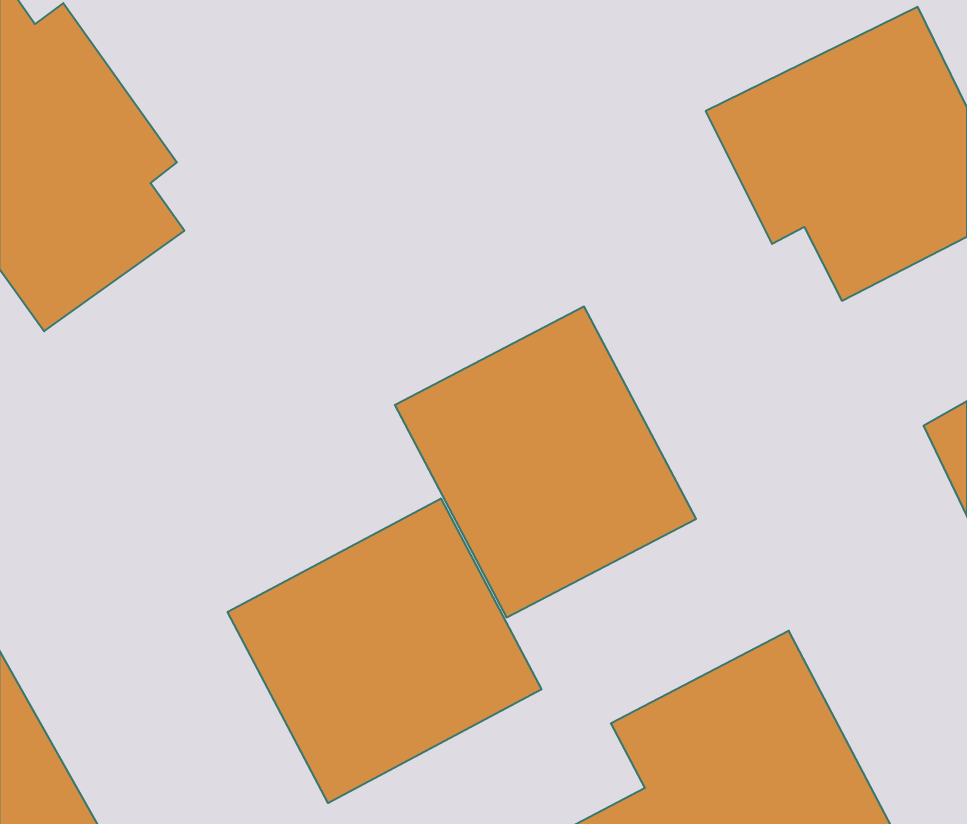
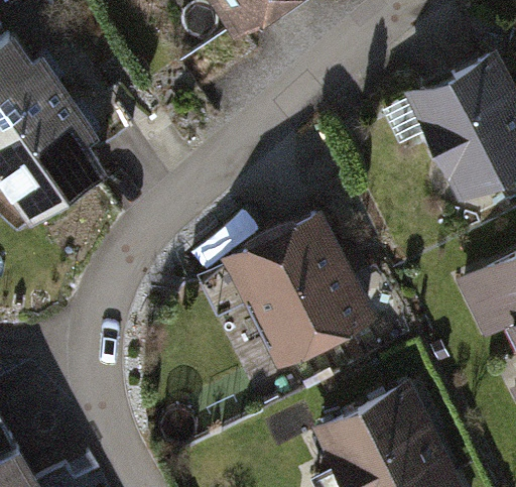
building: [228,498,541,803] -> none

